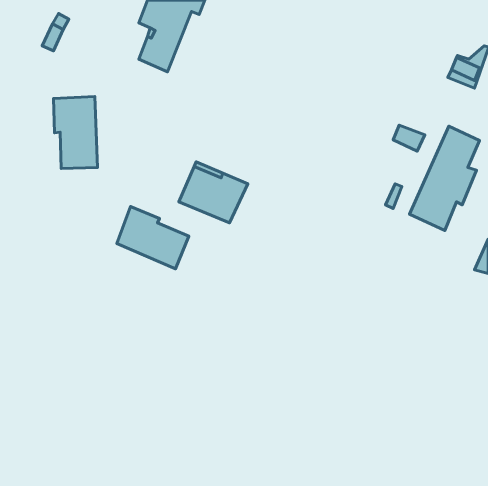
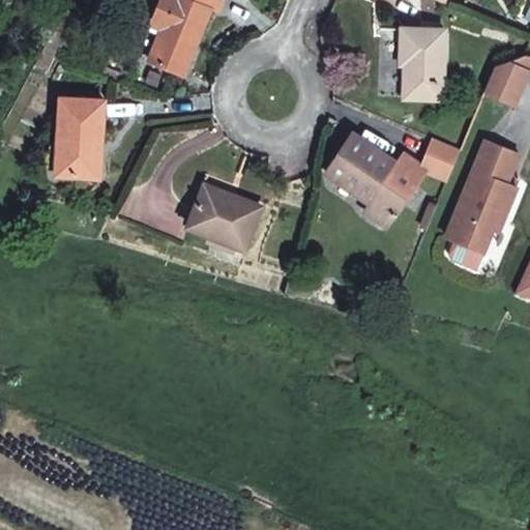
building: none -> [398,28,442,97]
building: none -> [326,137,424,225]
building: [117,206,189,269] -> none

